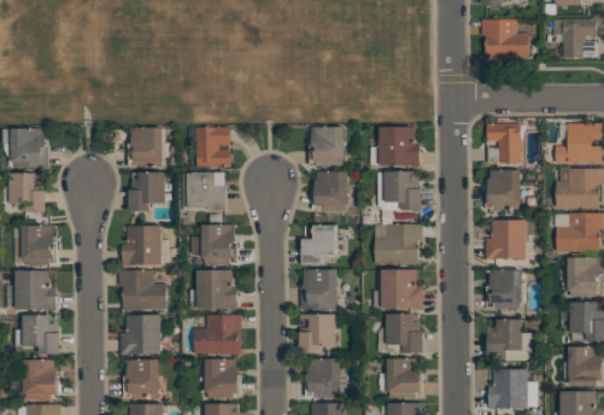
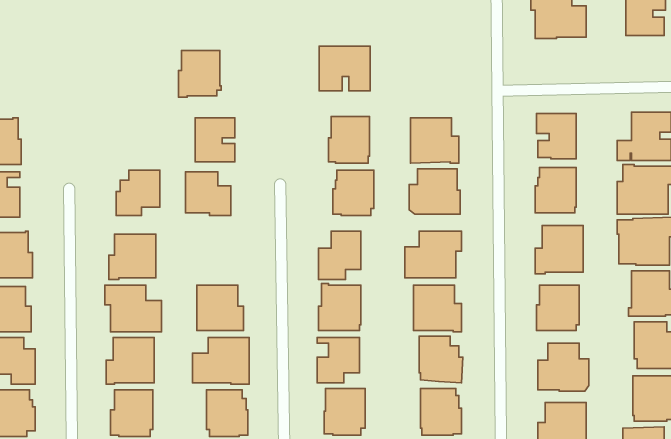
building: none -> [319,46,370,91]
building: [128,128,164,168] -> [179,51,221,97]
building: [190,224,236,264] -> none

